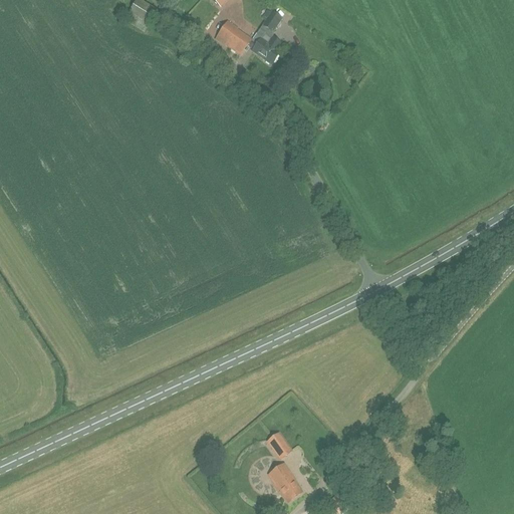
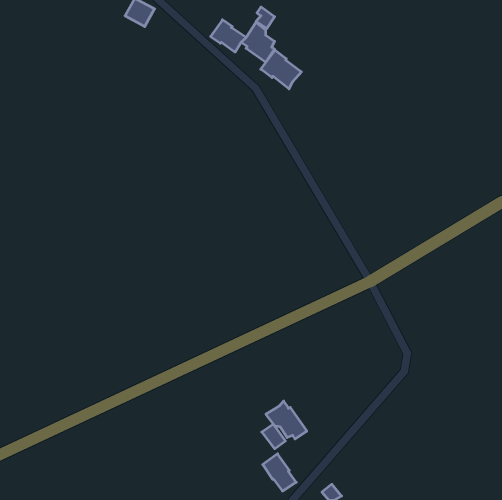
building: none -> [261,50,301,89]
building: none -> [266,401,307,439]

